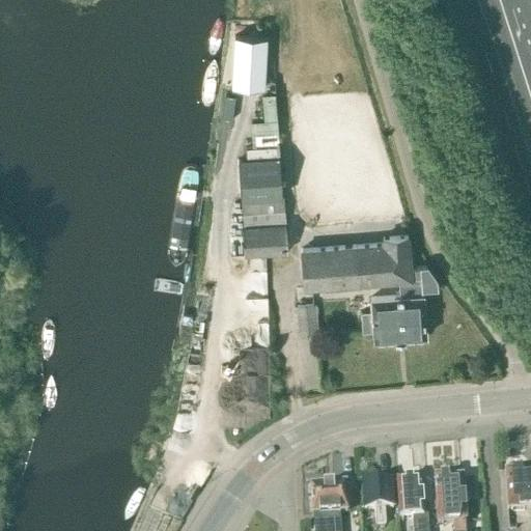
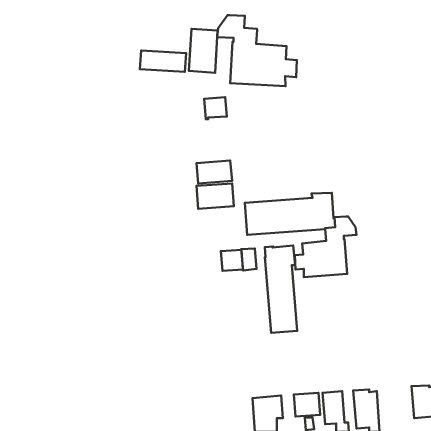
building: none -> [217,15,297,86]
building: none -> [140,50,186,72]
building: [239,159,283,201] -> none
building: none -> [265,246,297,333]
building: none -> [221,250,243,271]

